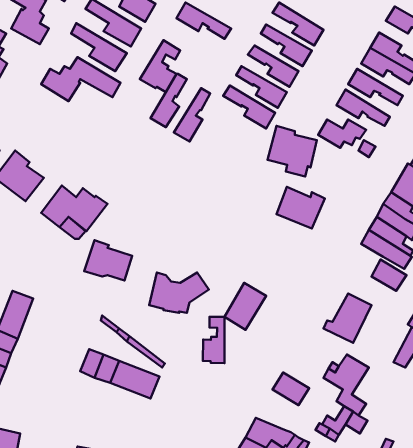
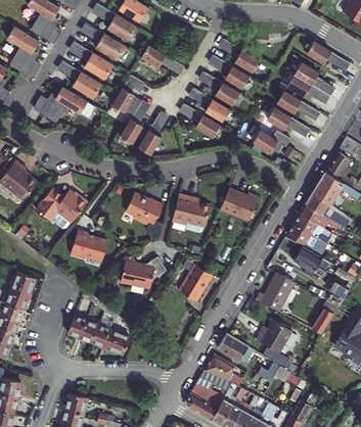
building: [268,126,317,177] -> [173,194,212,234]
building: none -> [123,192,161,224]
building: [203,317,225,363] -> none
building: none -> [205,355,242,386]

